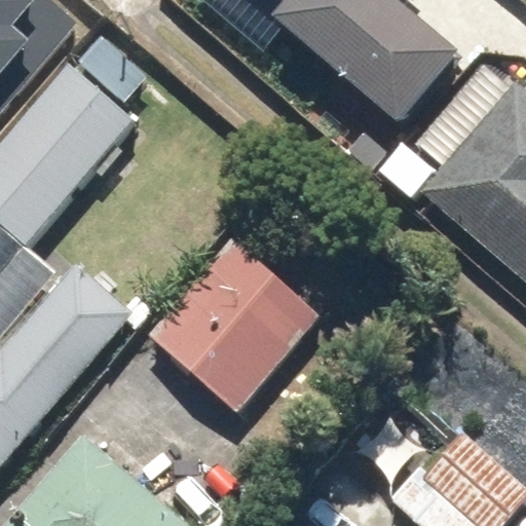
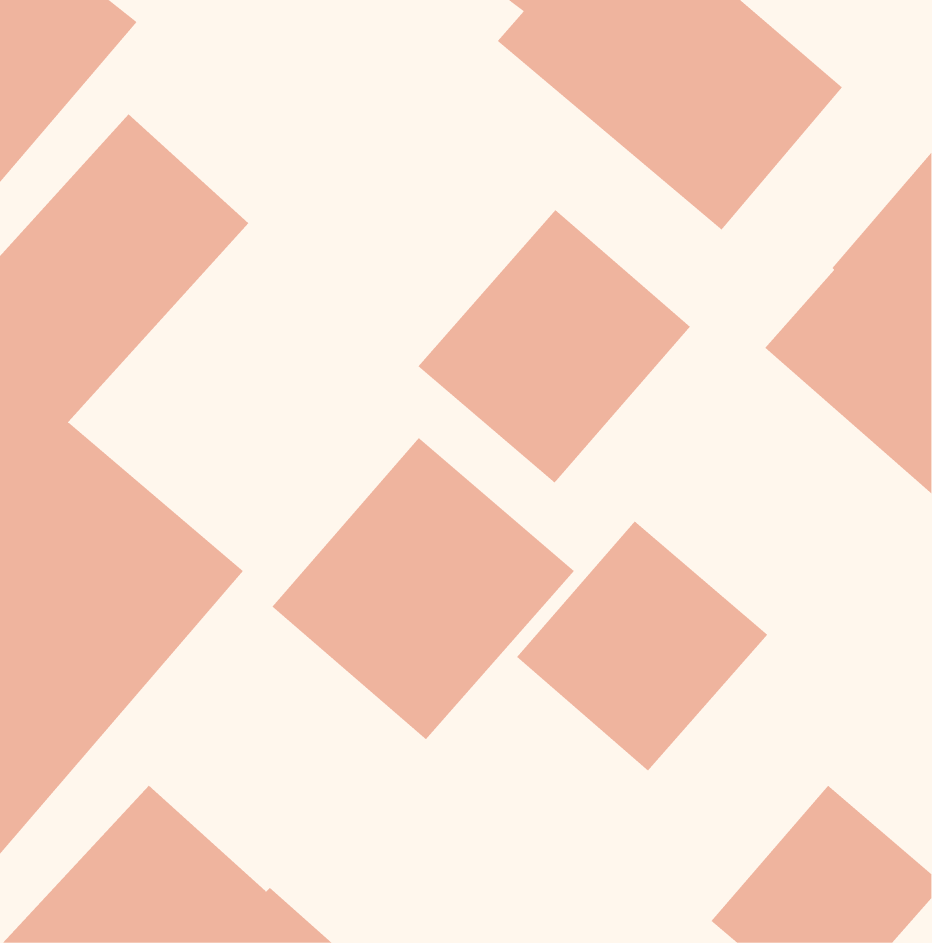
building: none -> [417,209,691,484]
building: none -> [516,520,768,772]

